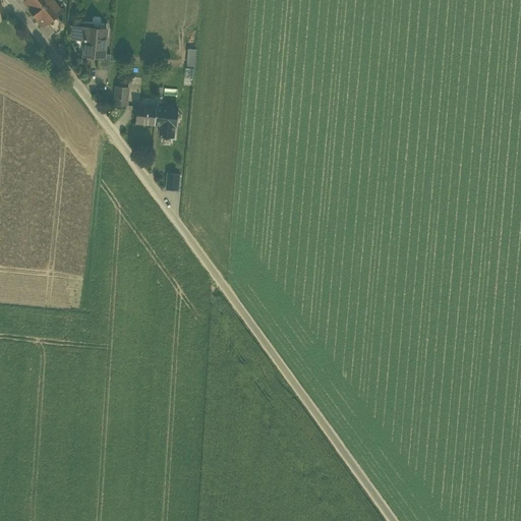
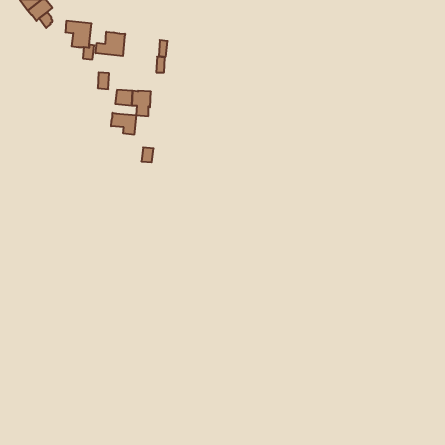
building: none -> [96,32,125,56]
building: none -> [111,113,136,135]

